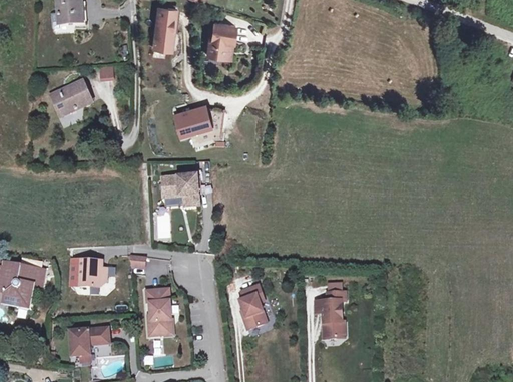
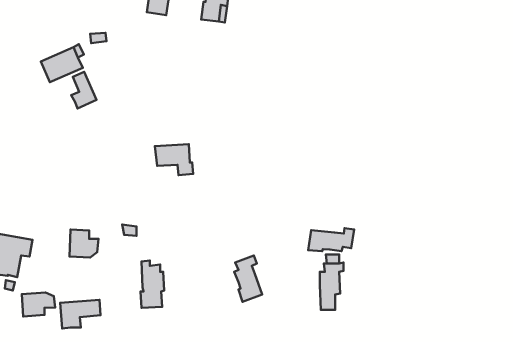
building: none -> [71,72,97,108]
building: [176,110,214,138] -> none
building: none -> [308,228,354,251]
building: none -> [22,292,55,317]

